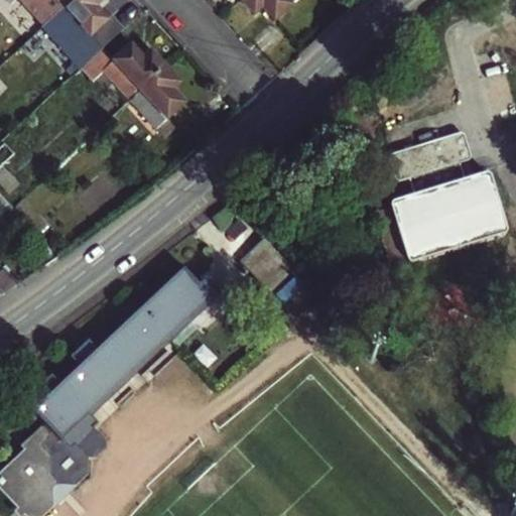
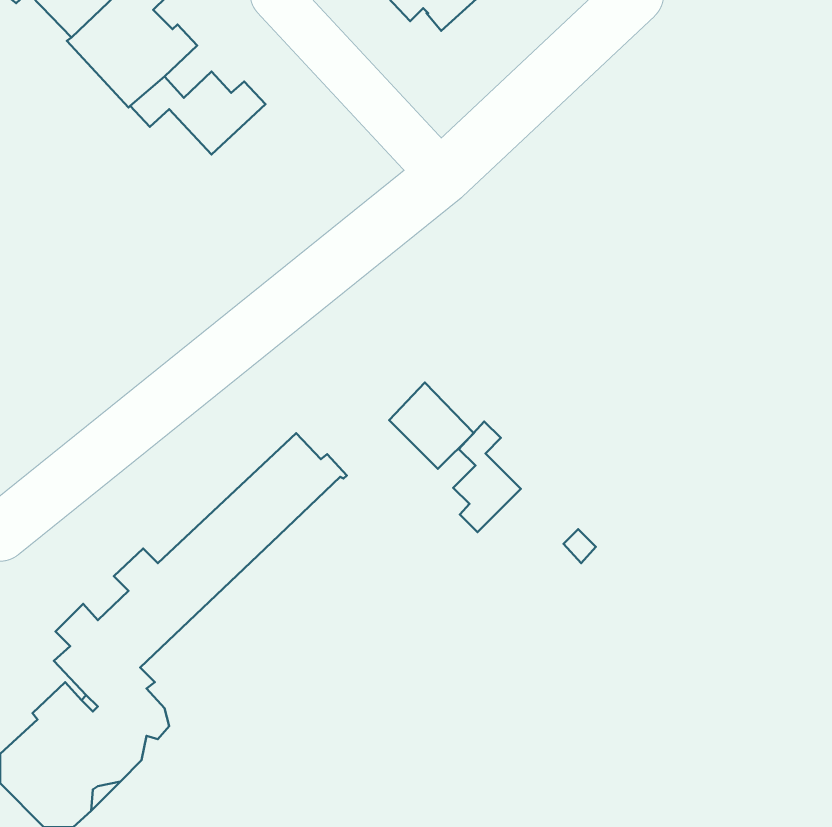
building: [131,64,183,124] -> none
building: [390,134,508,265] -> none
building: none -> [453,422,521,532]

